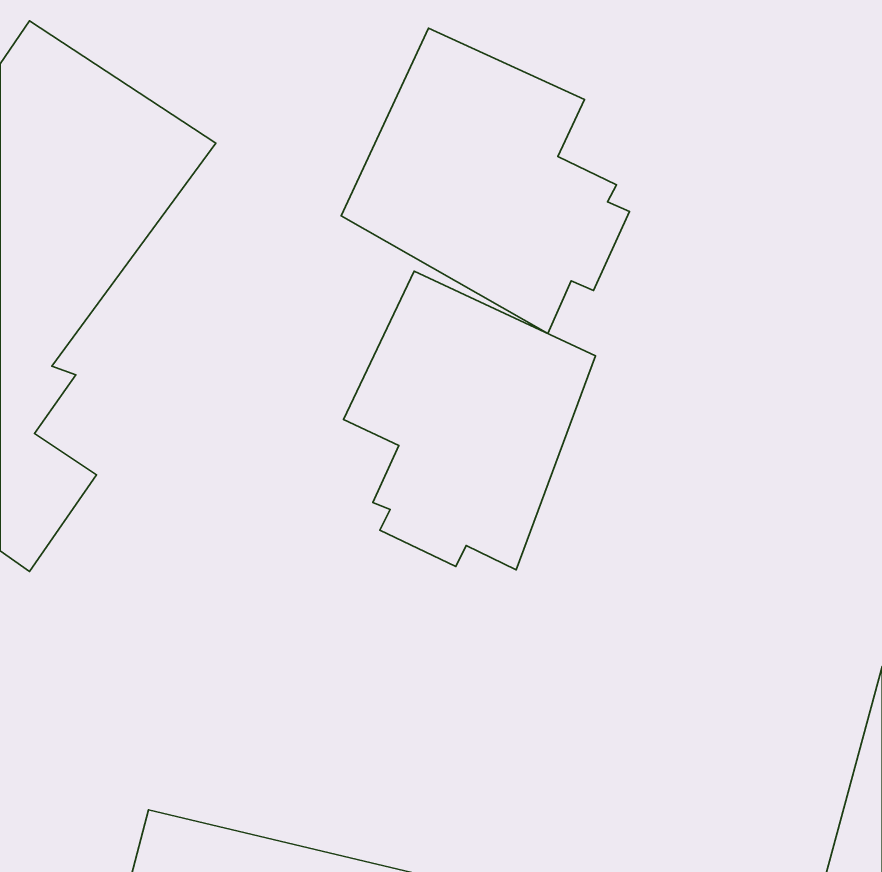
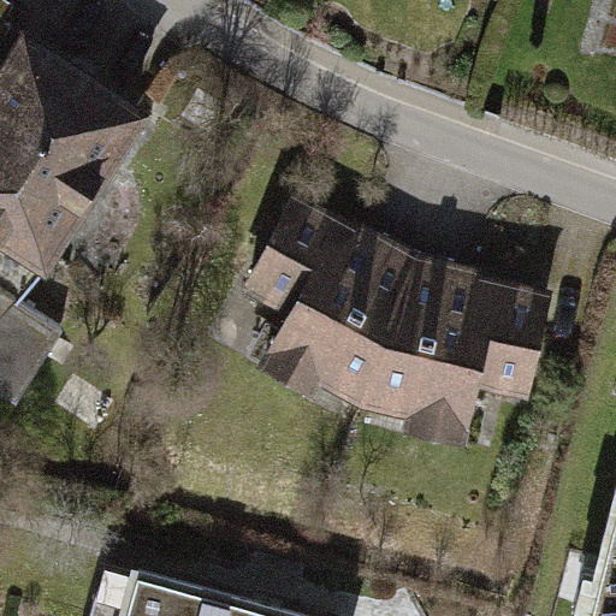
building: [341,28,630,333] -> none
building: none -> [360,255,553,462]

